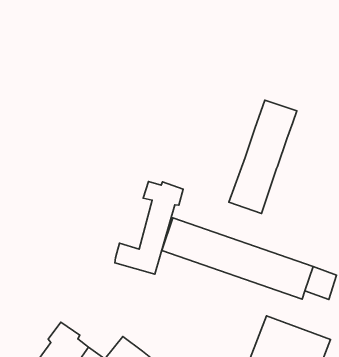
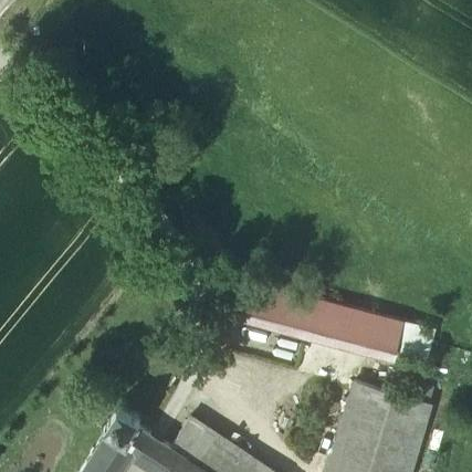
building: [229,100,297,213] -> none
building: [115,181,183,274] -> none

